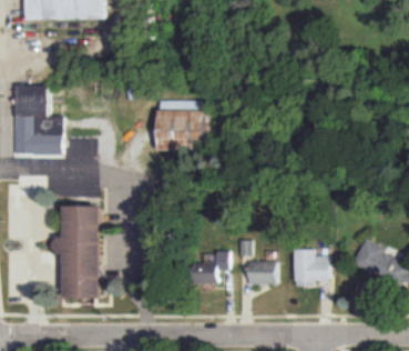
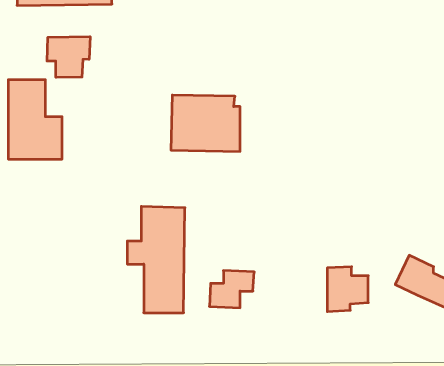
building: none -> [47,37,90,77]
building: [53,207,103,299] -> [127,206,185,313]
building: [246,260,274,283] -> none

